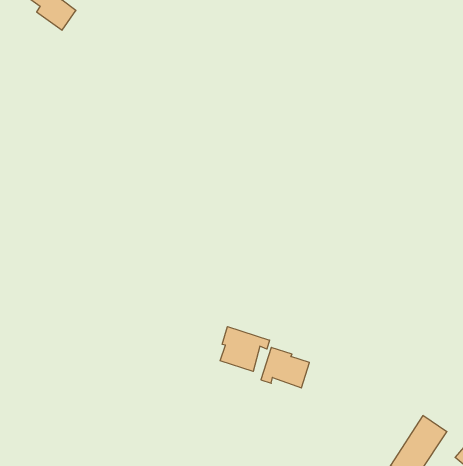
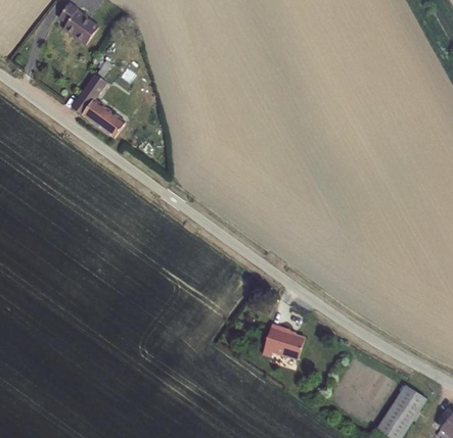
building: none -> [72,60,125,138]
building: [220,327,270,371] -> none

